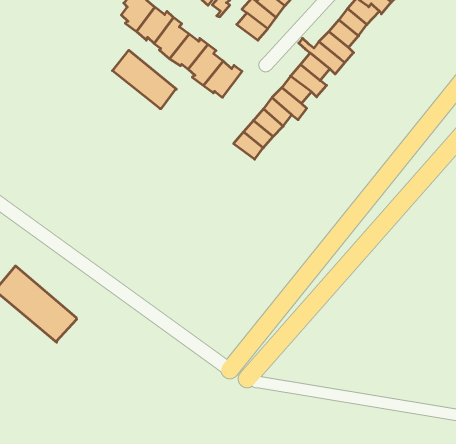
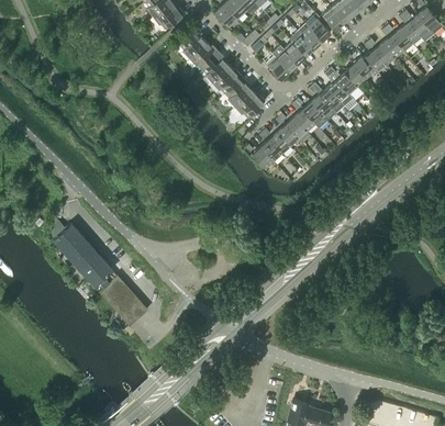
building: [112,50,176,109] -> none
building: none -> [94,270,147,325]

